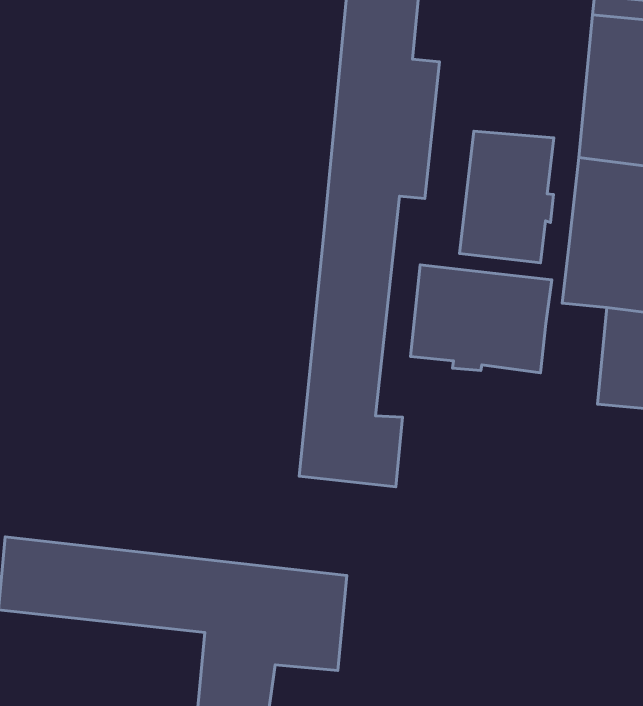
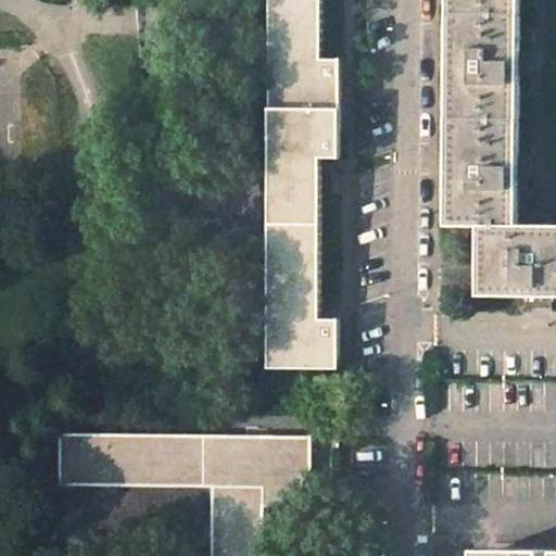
building: [460,131,554,263] -> none
building: [411,265,552,373] -> none

